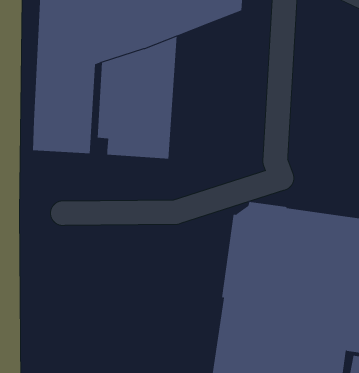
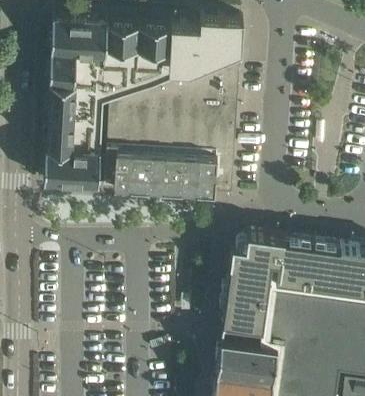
building: none -> [173,51,242,194]

